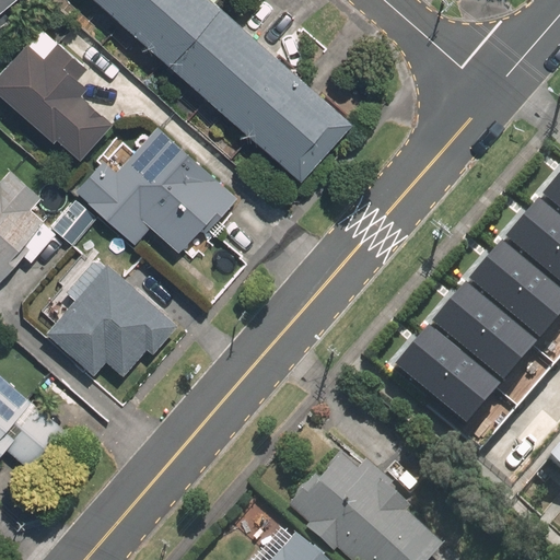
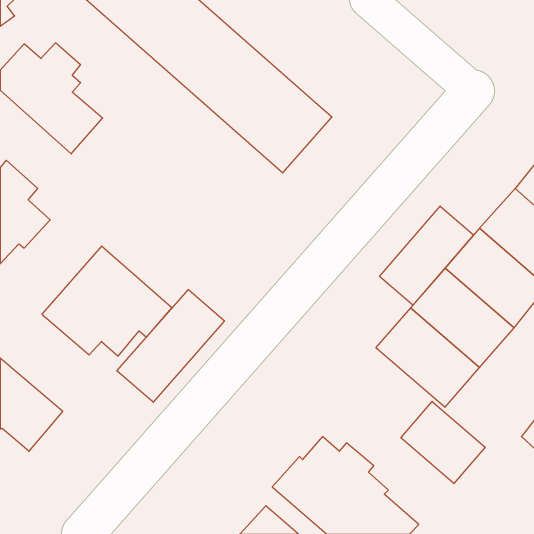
building: [69,122,243,254] -> none
building: none -> [379,206,474,305]
building: none -> [117,290,224,402]
building: none -> [401,401,485,484]

